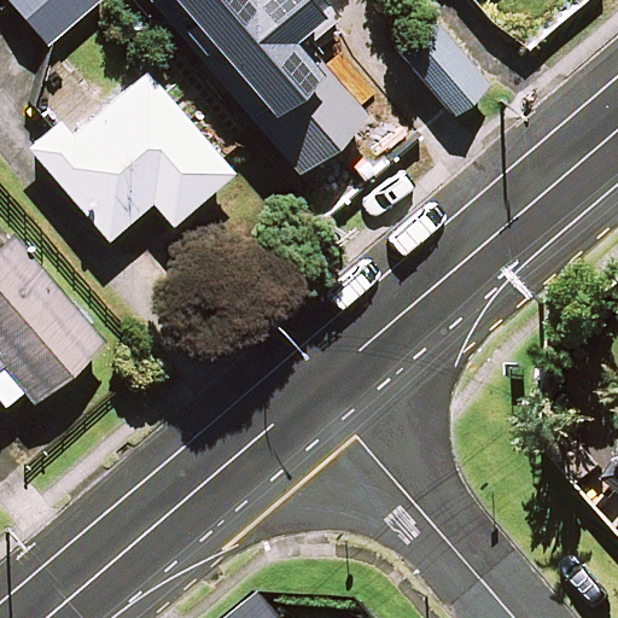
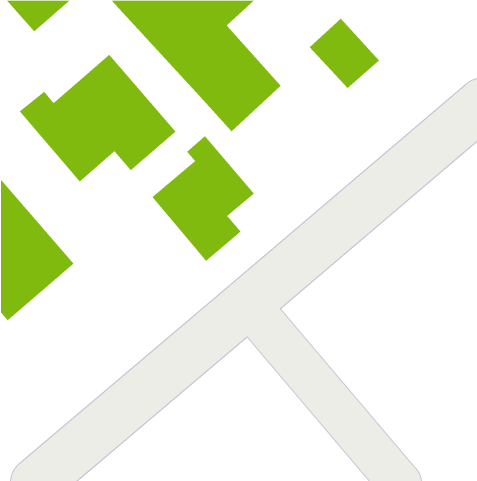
building: none -> [152,135,255,262]

